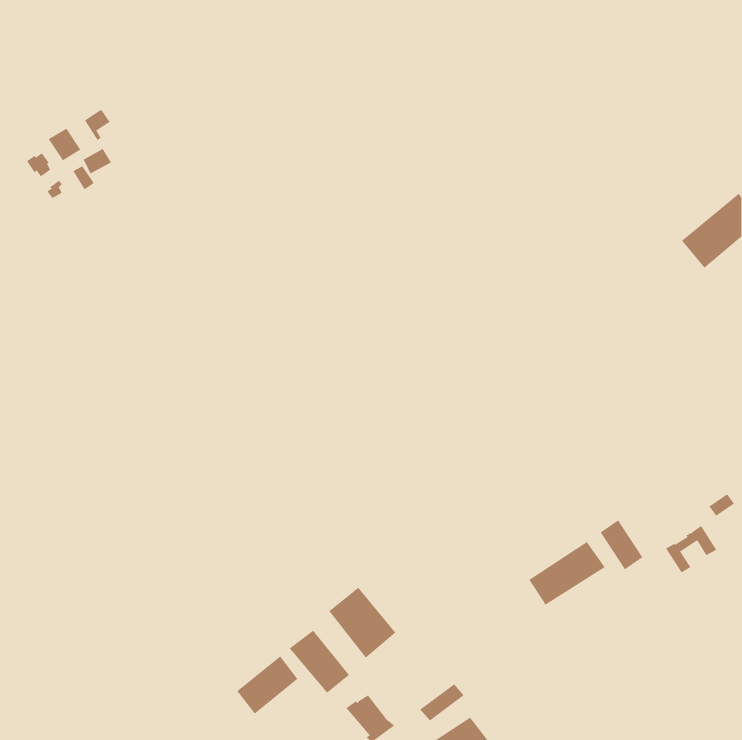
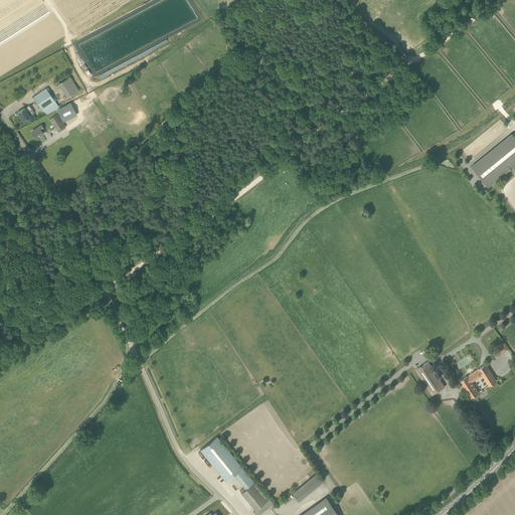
building: [528,541,605,605] -> none
building: [329,587,396,659] -> none
building: [237,656,298,714] -> none

